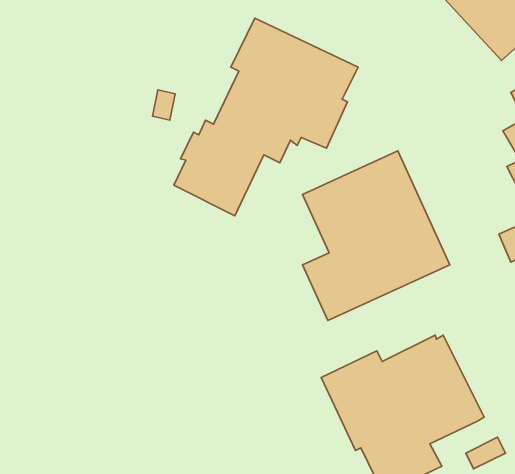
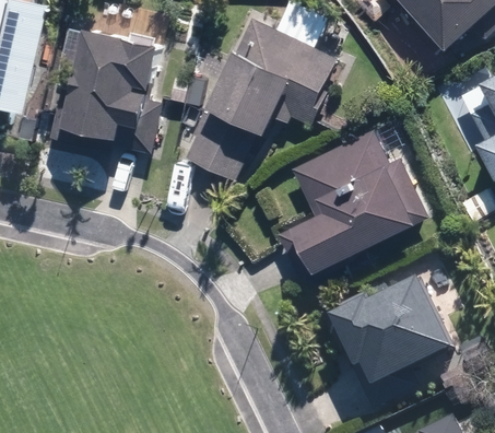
building: none -> [58,31,175,152]

